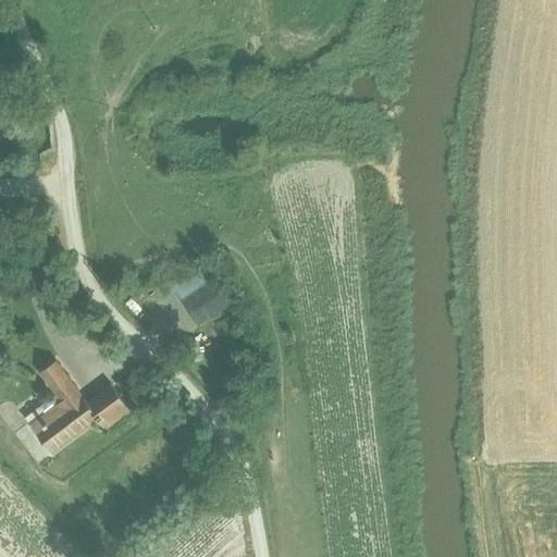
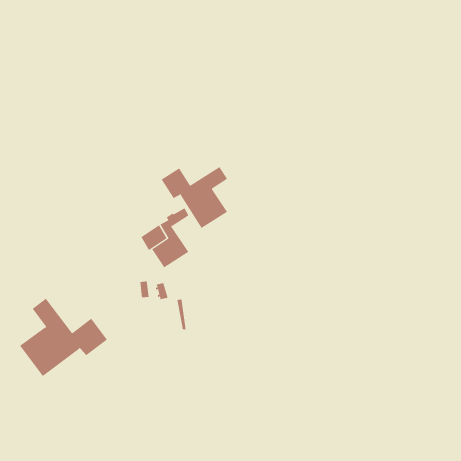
building: none -> [161,166,228,229]

